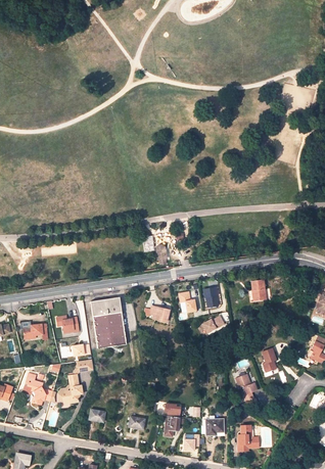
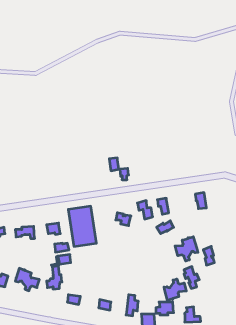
building: none -> [175,237,198,261]
building: none -> [164,279,186,300]

